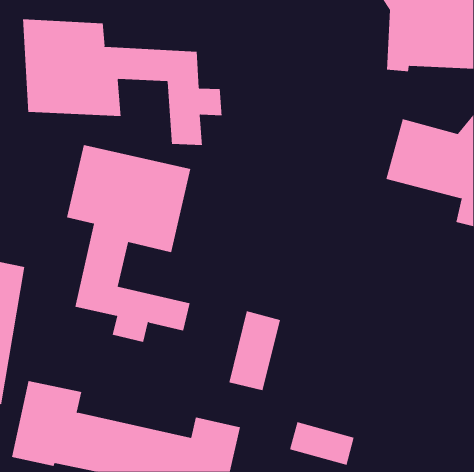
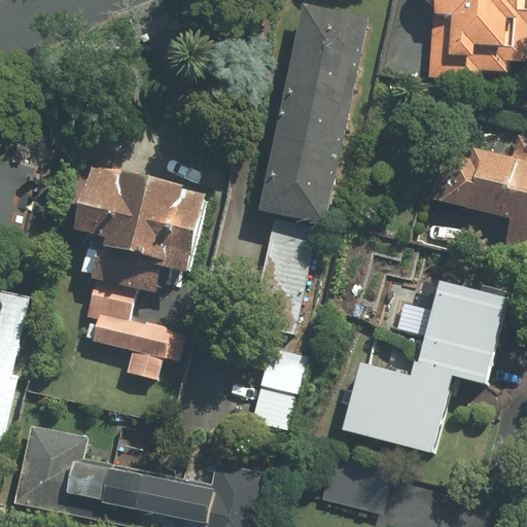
building: none -> [252,4,370,320]
building: [22,19,222,146] -> none
building: none -> [342,272,512,456]

